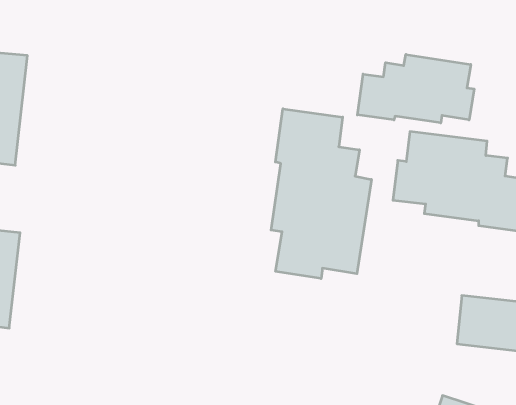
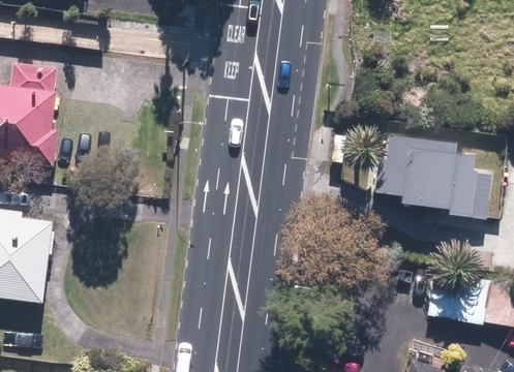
building: [357,54,474,123] -> none
building: [271,109,371,279] -> none

